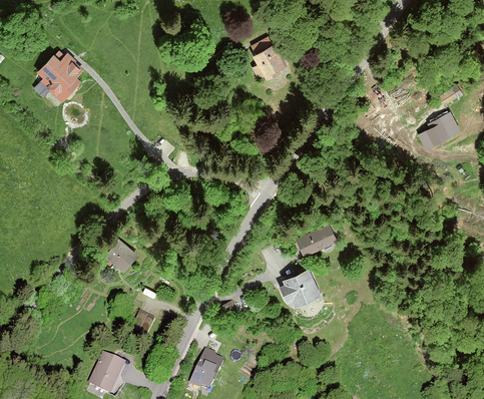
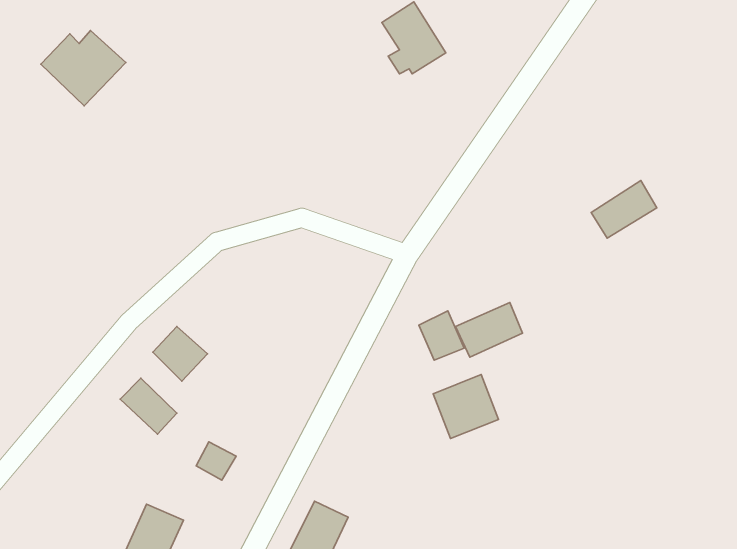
building: [419,113,460,149] -> [591,181,657,238]
building: none -> [419,311,464,360]
building: none -> [120,378,177,434]

